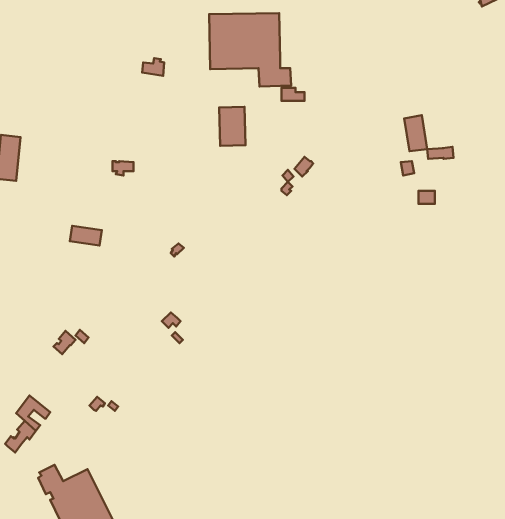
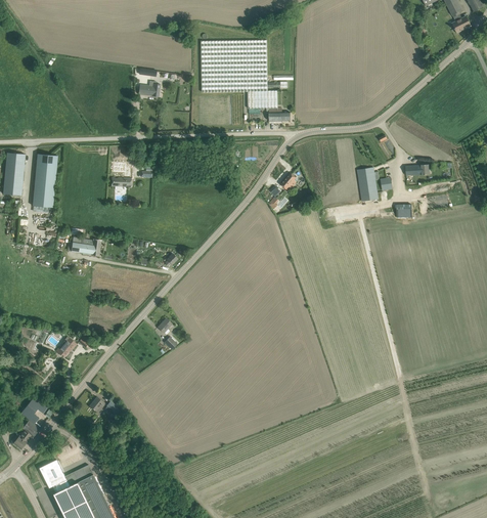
building: [219,107,245,146] -> none
building: [404,115,427,151] -> [356,167,378,201]
building: none -> [32,154,57,208]

